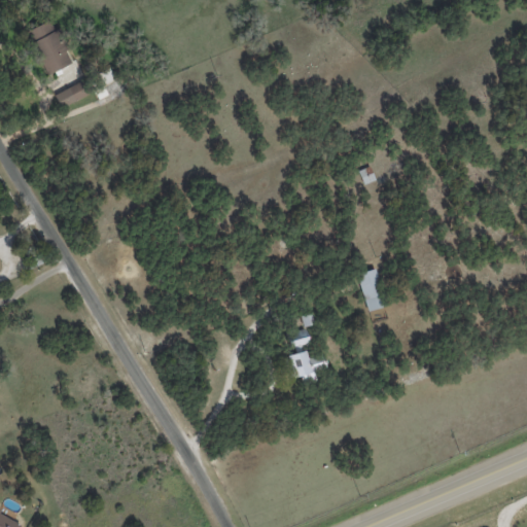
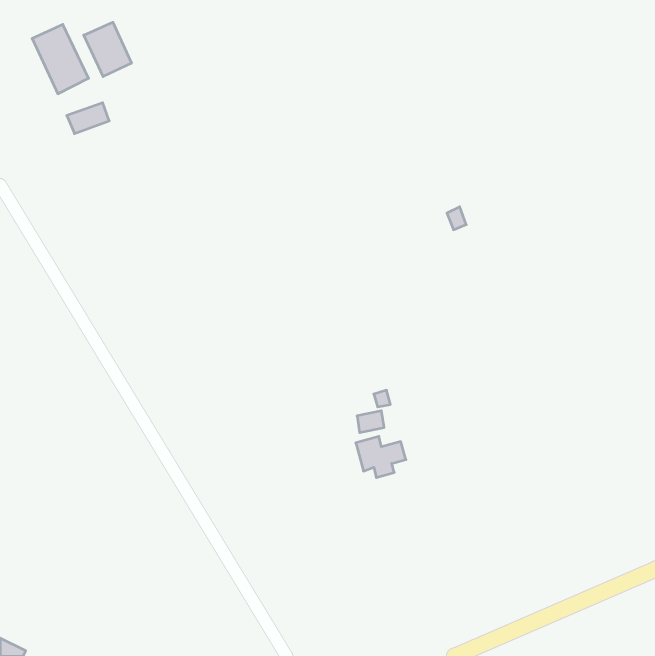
building: none -> [84,22,131,77]
building: [357,269,386,311] -> none

